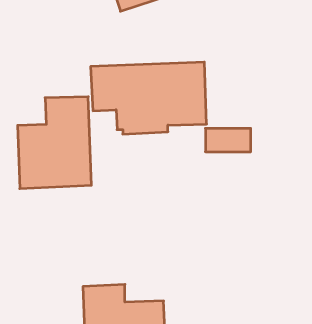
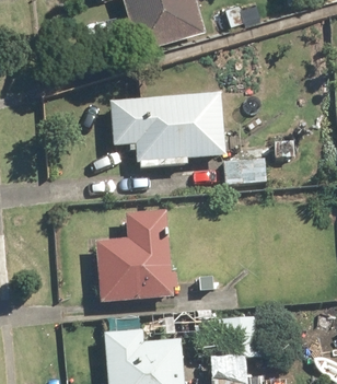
building: [18,97,91,189] -> [98,211,172,302]

